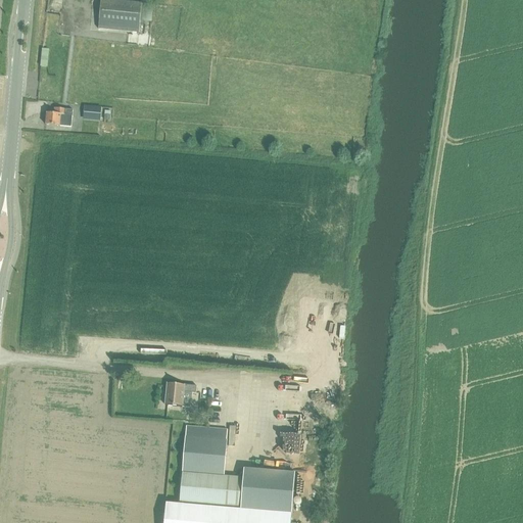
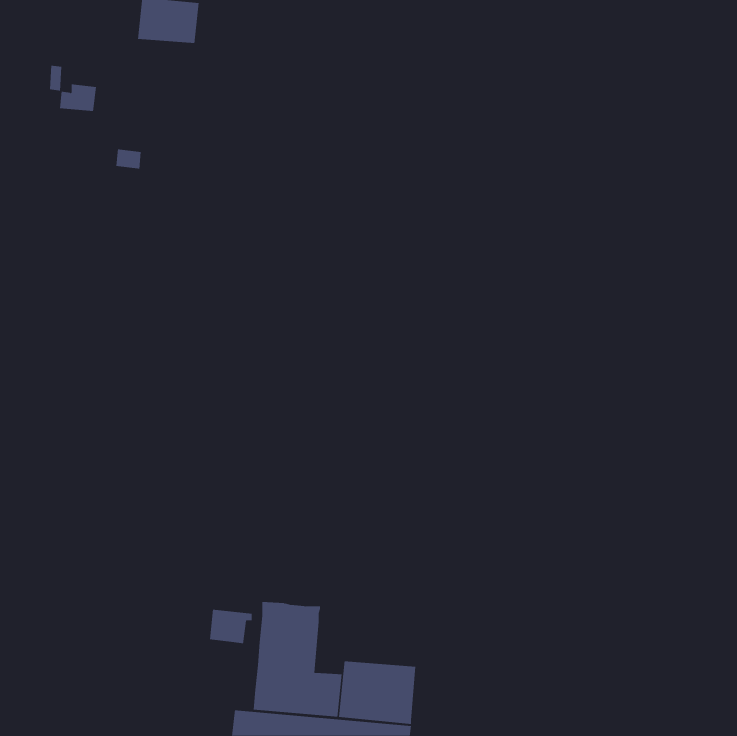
building: [45,106,72,126] -> [59,84,97,111]
building: [164,382,195,407] -> [209,609,253,644]

